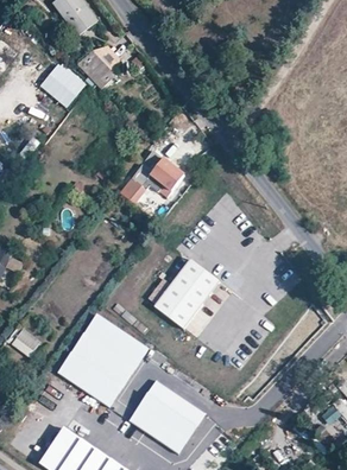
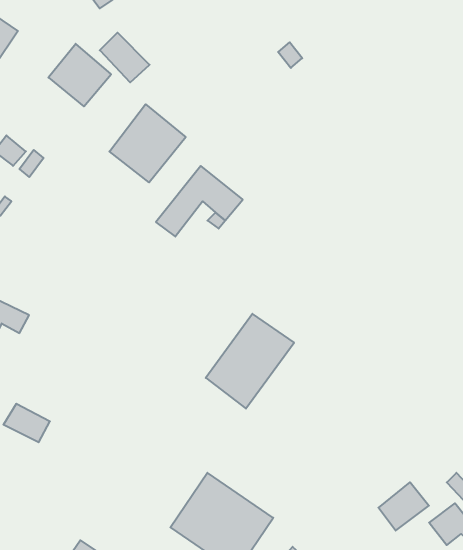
building: none -> [109,104,186,182]
building: [57,312,147,405] -> none
building: none -> [378,482,429,531]

